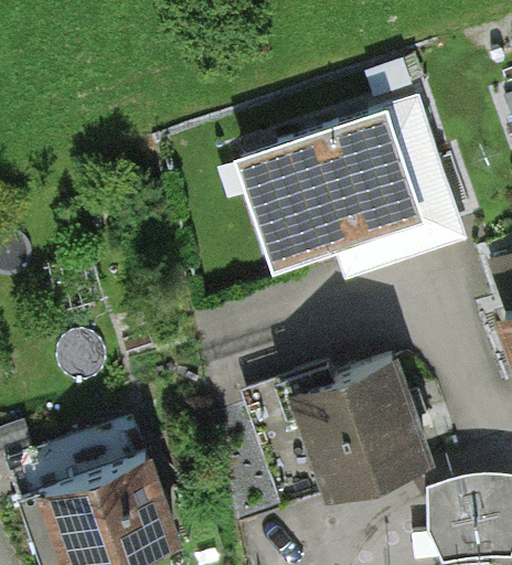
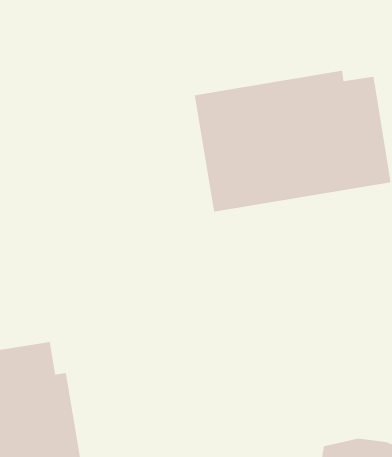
building: [253,369,429,516] -> none

